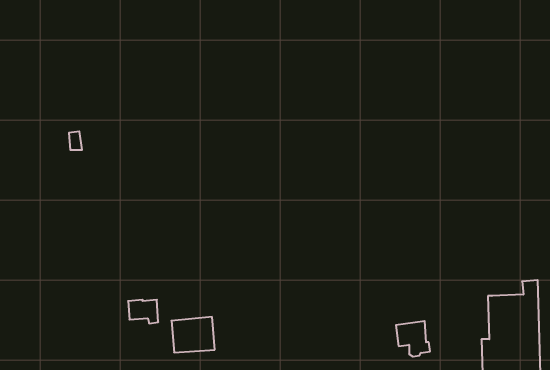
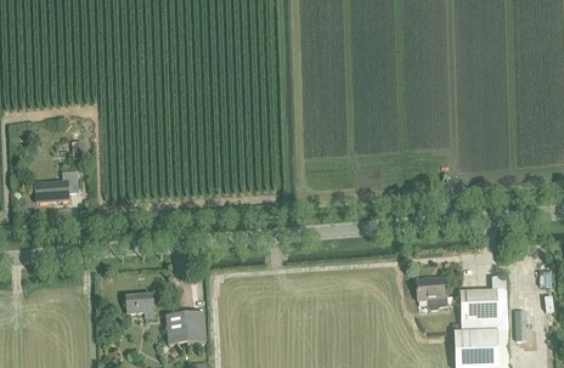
building: none -> [36,171,79,202]
building: [396,321,430,357] -> [416,277,447,310]

